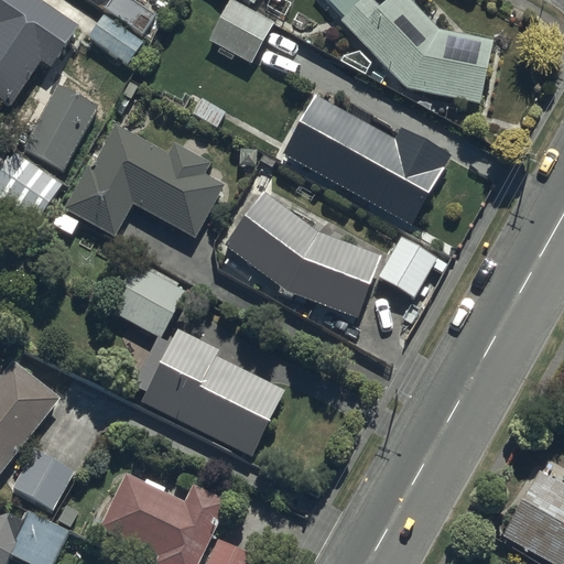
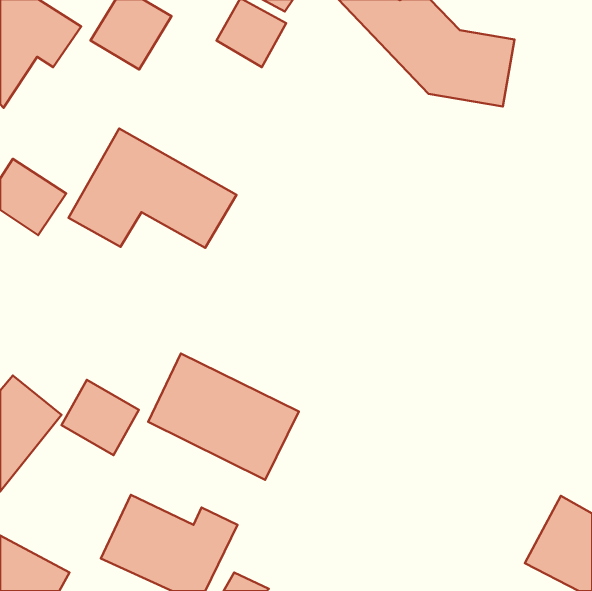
building: [22,84,99,169] -> none
building: [282,94,453,226] -> none
building: [225,189,381,317] -> none
building: [380,240,436,296] -> none
building: [108,263,182,335] -> [61,380,139,455]
building: [17,451,73,509] -> none

